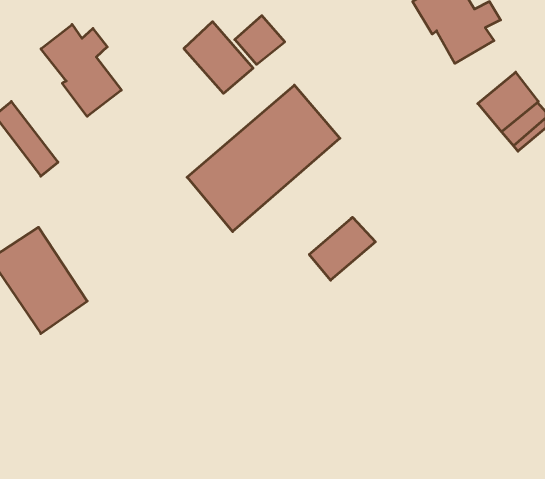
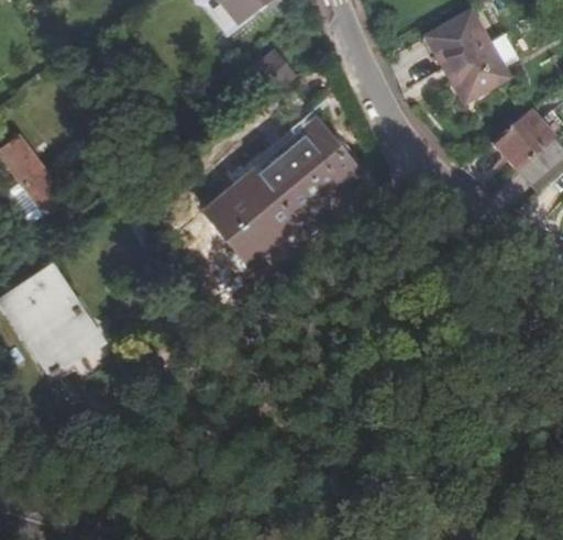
building: [184,22,253,93] -> none
building: [41,24,121,116] -> none
building: [309,217,375,280] -> none

